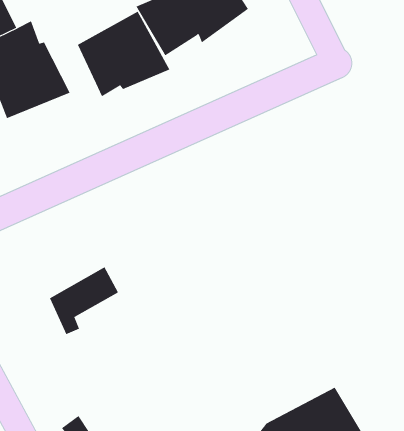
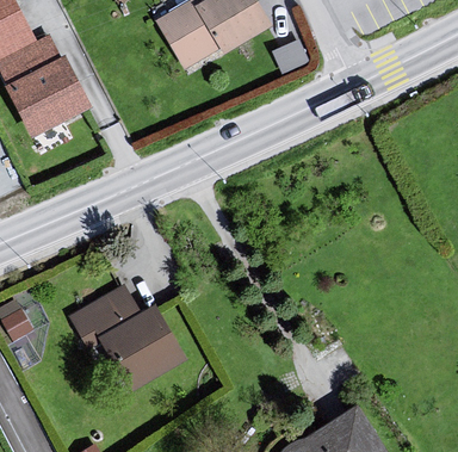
building: [77,11,170,97] -> none
building: none -> [94,305,186,392]

